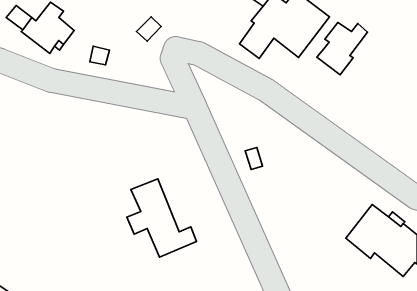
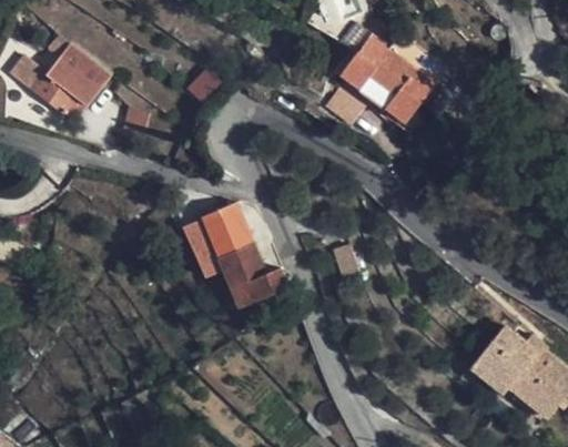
building: [317,22,367,75] -> none
building: [127,179,196,257] -> [195,201,290,307]

